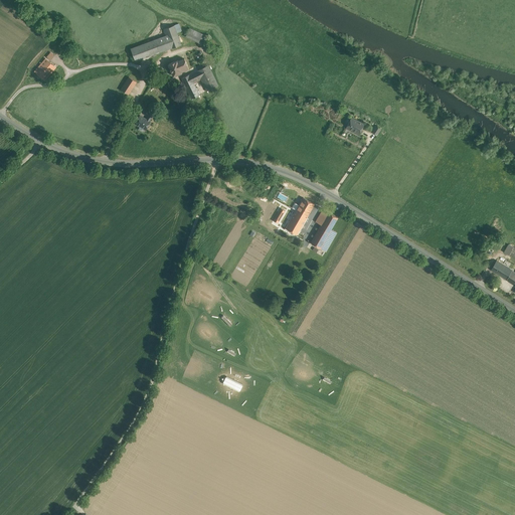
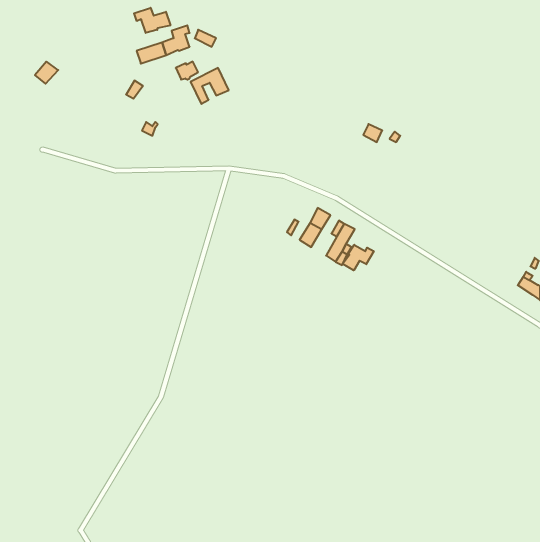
building: none -> [134,8,170,33]
building: none -> [343,245,374,270]

